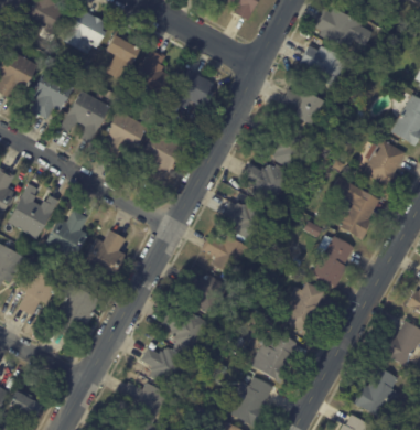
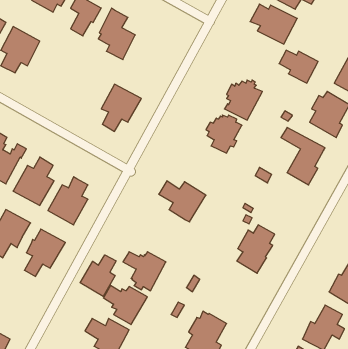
building: [170,74,214,110] -> none
building: [280,89,322,125] -> [279,50,318,83]
building: [61,90,109,142] -> none
building: [105,110,147,159] -> none
building: [222,201,269,241] -> none
building: [312,235,354,288] -> none
building: [189,275,229,316] -> none
building: none -> [80,255,116,296]
building: [250,332,299,383] -> none

